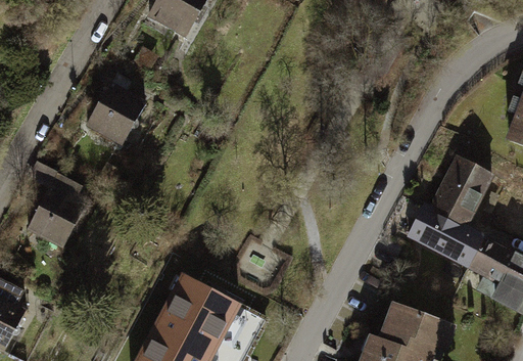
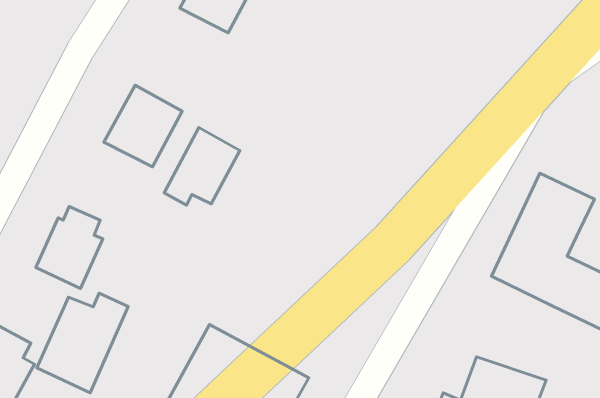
building: none -> [164,127,240,205]
building: none -> [37,293,128,393]

